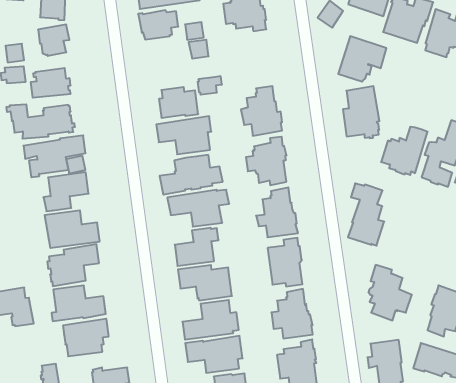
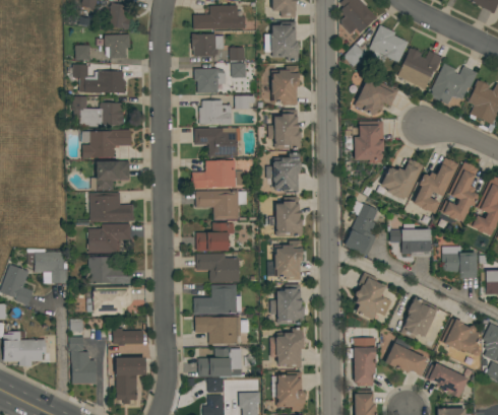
building: none -> [272,66,300,106]
building: none -> [195,69,227,93]
building: none -> [390,224,431,256]

